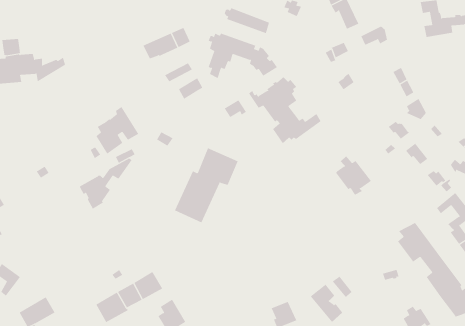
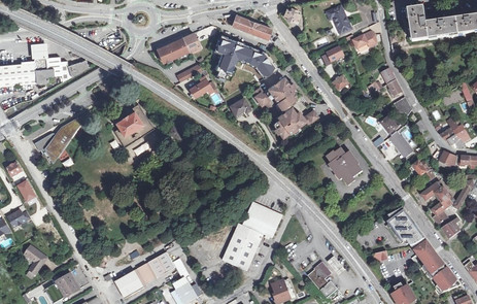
building: [174,148,238,223] -> [222,202,279,270]
building: [79,158,133,209] -> [34,116,82,163]

